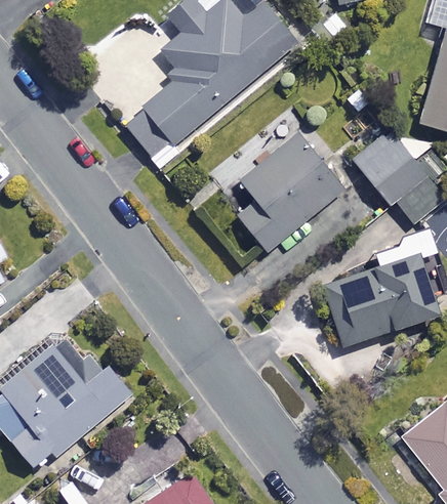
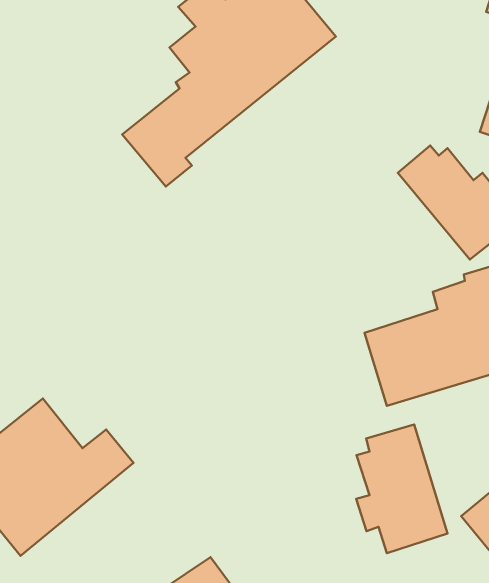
building: [239,134,343,250] -> none
building: none -> [356,424,448,553]

